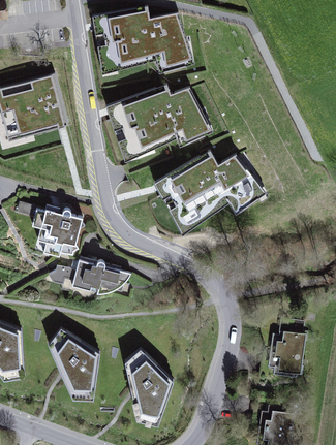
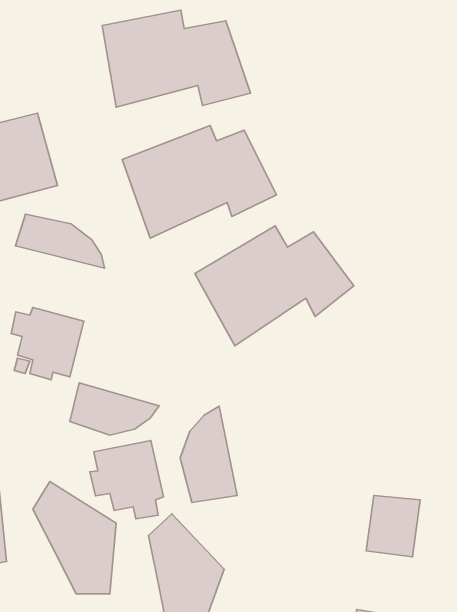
building: none -> [16,214,104,268]
building: none -> [180,406,237,503]
building: none -> [90,440,163,519]

